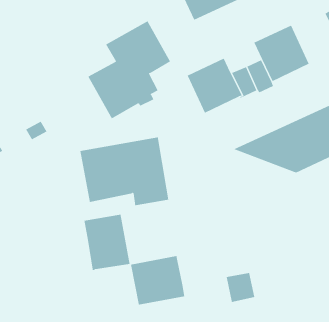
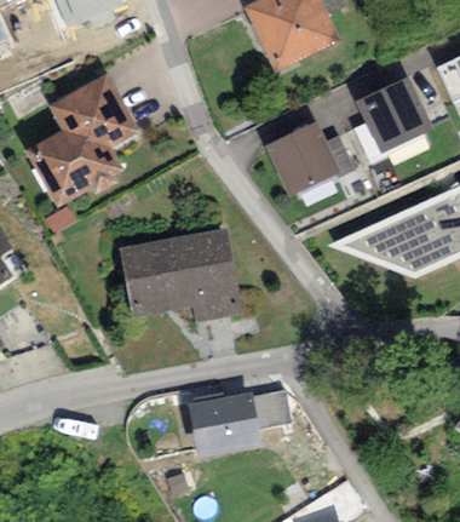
building: [88,21,171,119] -> [23,73,137,207]
building: [84,214,130,271] -> none
building: [226,272,255,303] -> [253,389,293,430]

